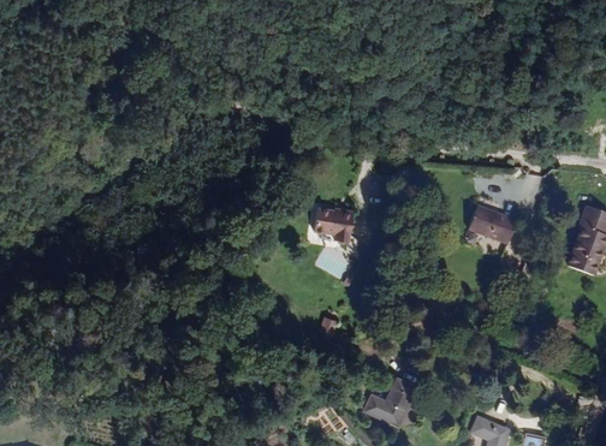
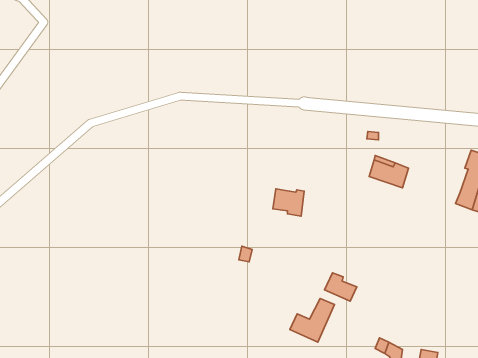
building: [320,214,356,245] -> [273,189,304,216]
building: none -> [324,273,357,301]

